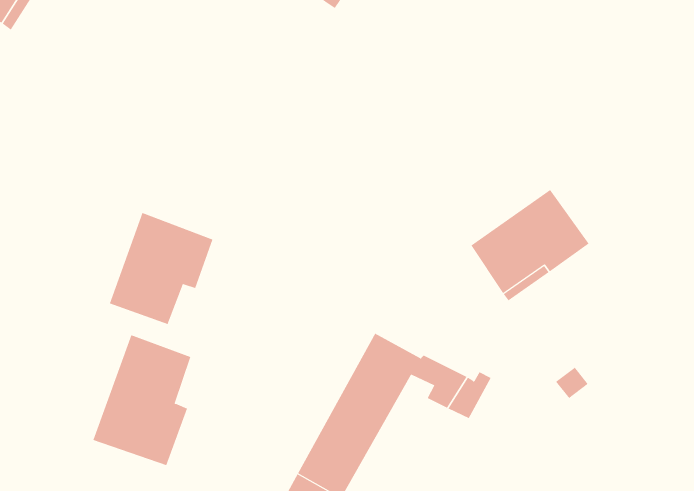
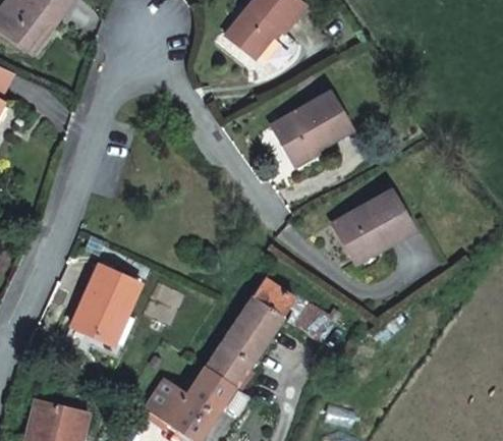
building: none -> [273,94,351,163]
building: [109,212,213,325] -> none

